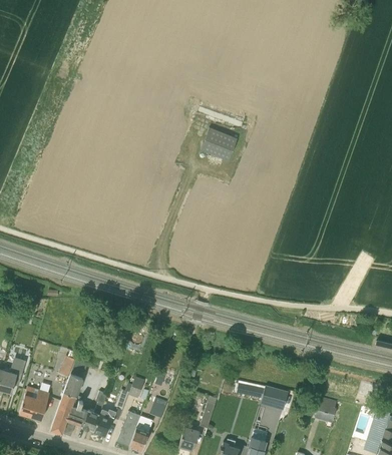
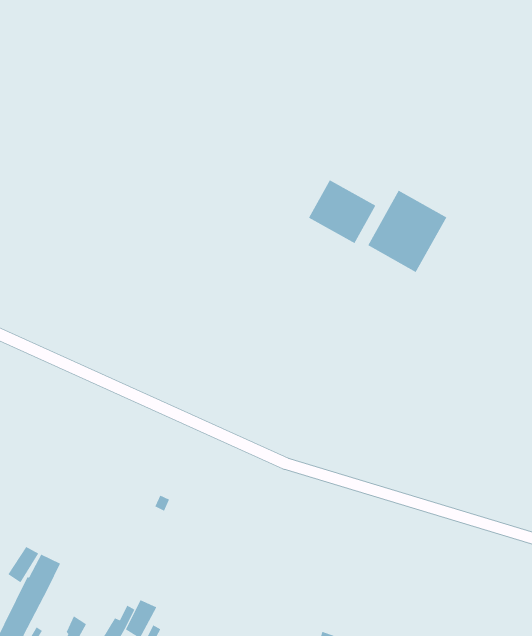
building: none -> [367,190,447,273]

